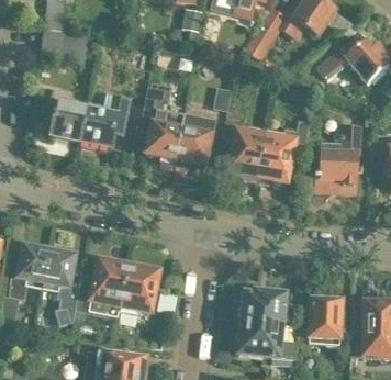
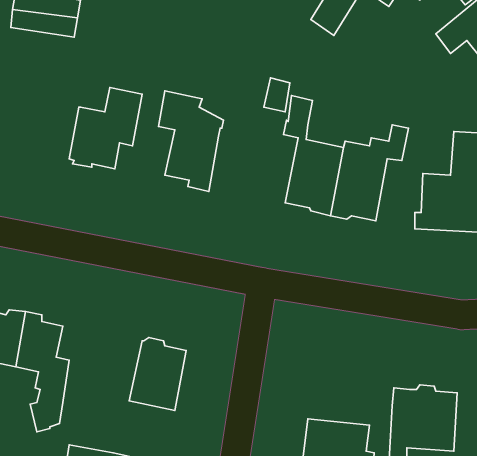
building: [46,99,89,143] -> none
building: [175,114,215,167] -> none
building: [76,259,130,316] -> none
building: [242,290,300,323] -> none

